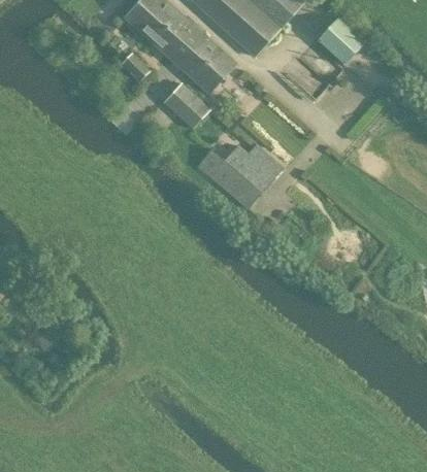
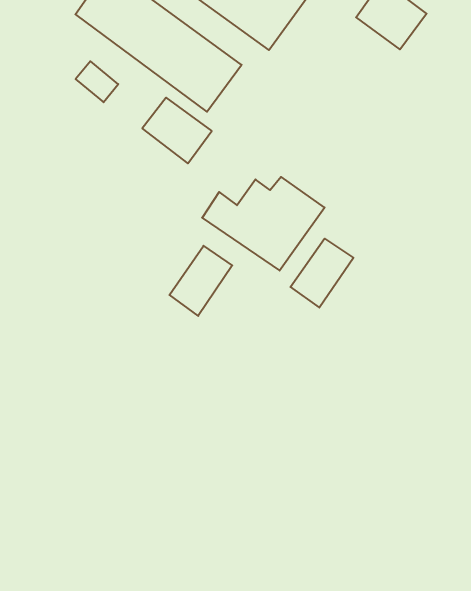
building: none -> [169,246,232,316]
building: none -> [290,239,353,308]

